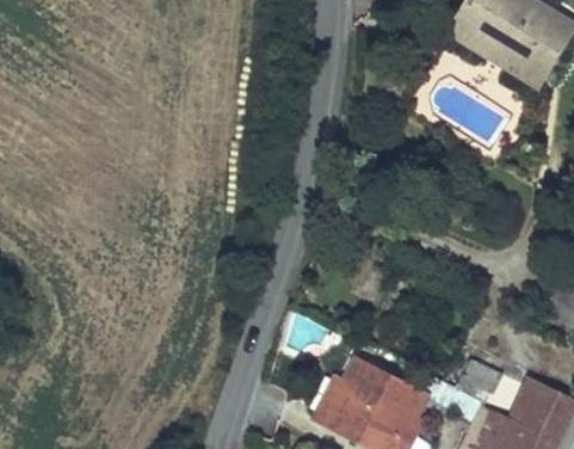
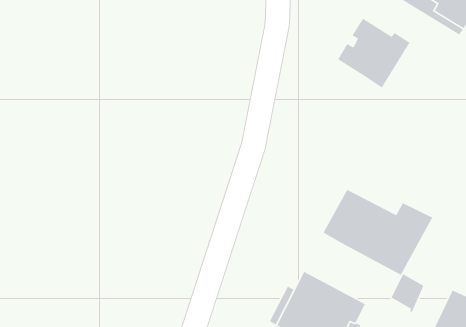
building: none -> [337,18,410,88]
building: none -> [323,189,433,276]

